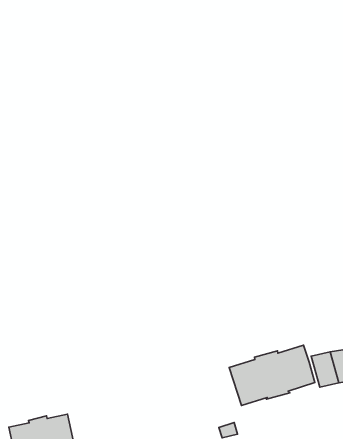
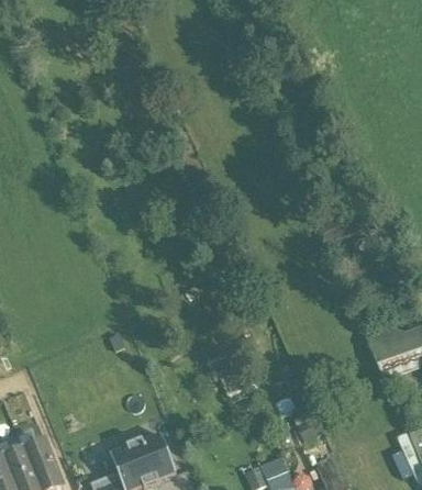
building: [229,345,315,405] -> none

